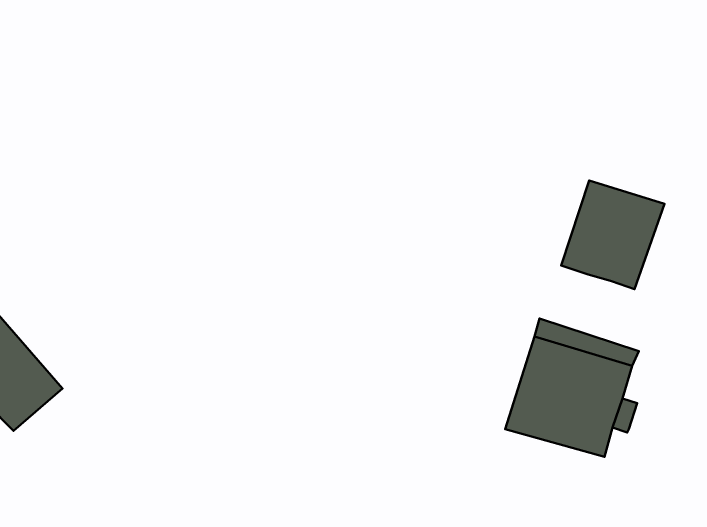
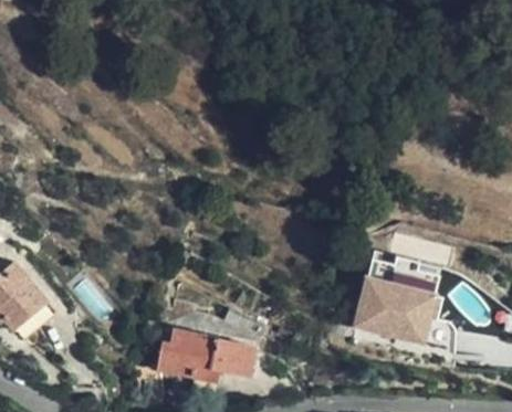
building: [561,180,664,289] -> none
building: none -> [150,330,249,382]

